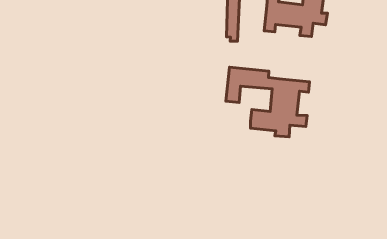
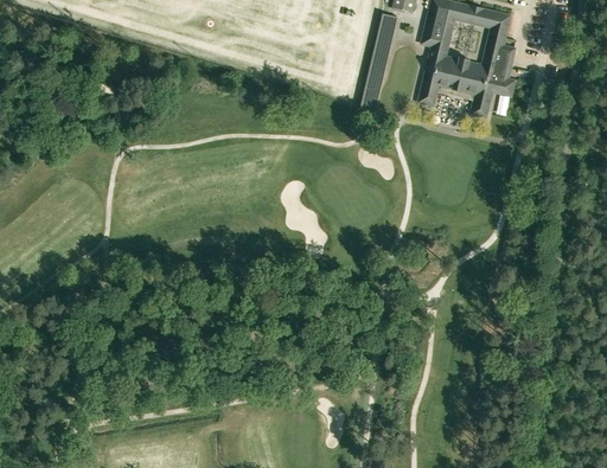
building: [226,67,310,137] -> none

